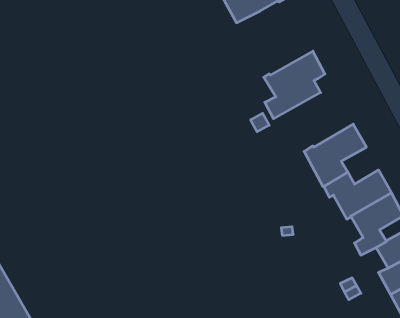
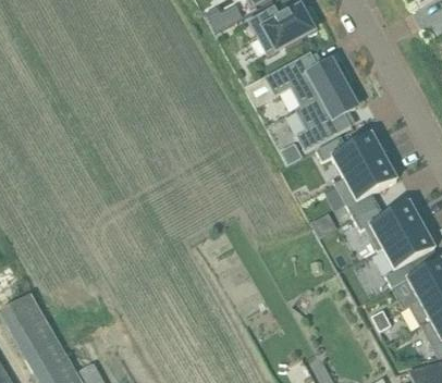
building: none -> [246,50,344,107]
building: none -> [317,133,384,178]

